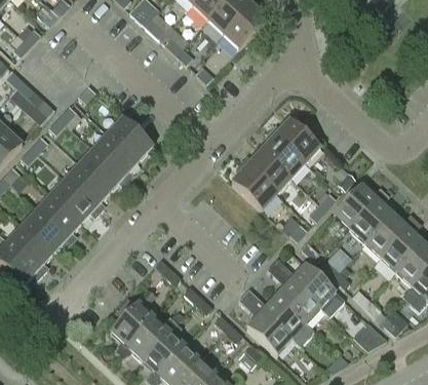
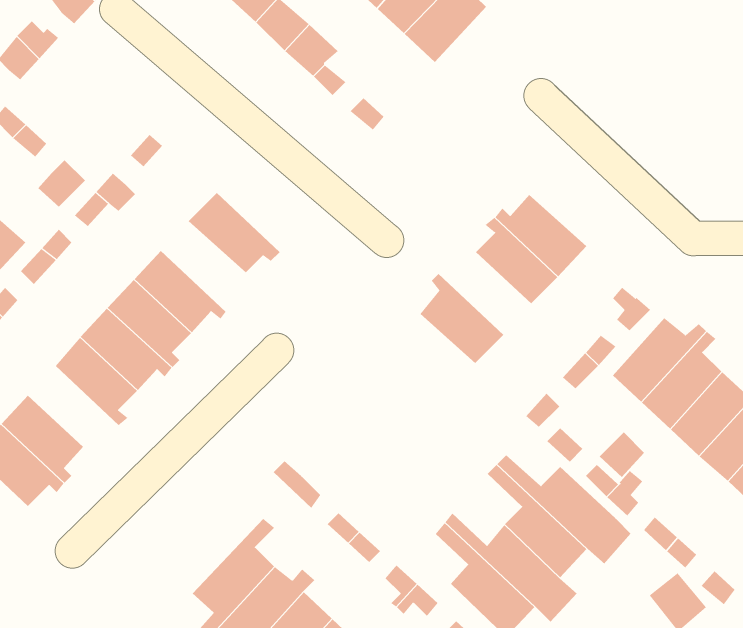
building: [94,132,140,181] -> none
building: [242,149,291,193] -> none
building: [24,209,72,253] -> none

